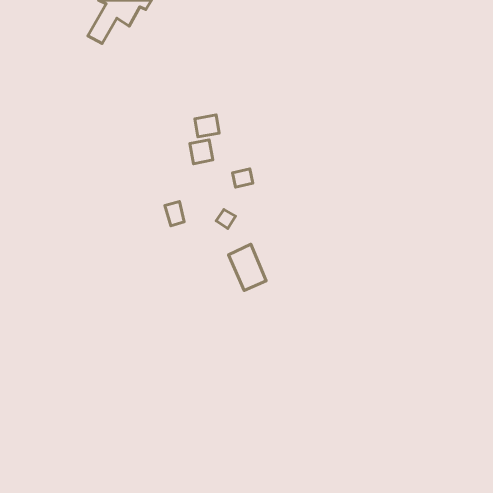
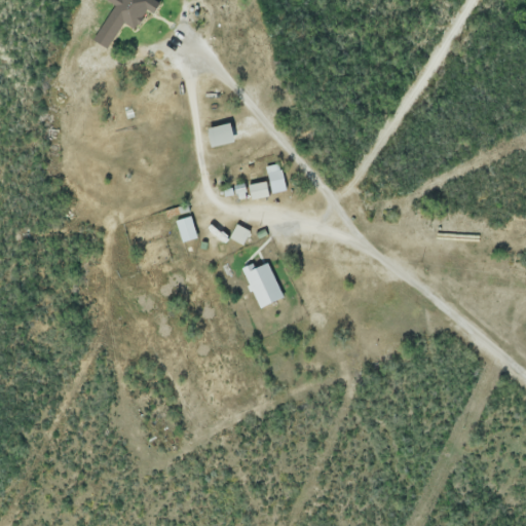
building: [190,140,213,164] -> none
building: none -> [266,163,286,192]

